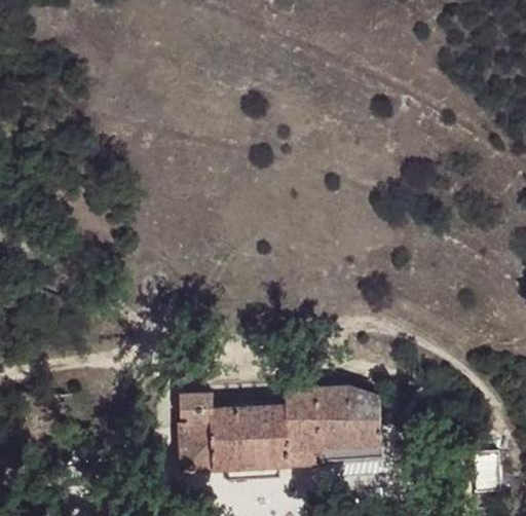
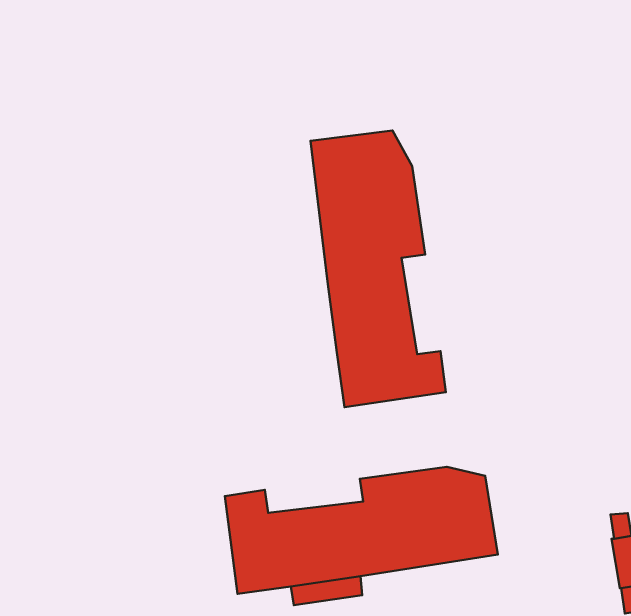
building: none -> [310,131,446,407]

